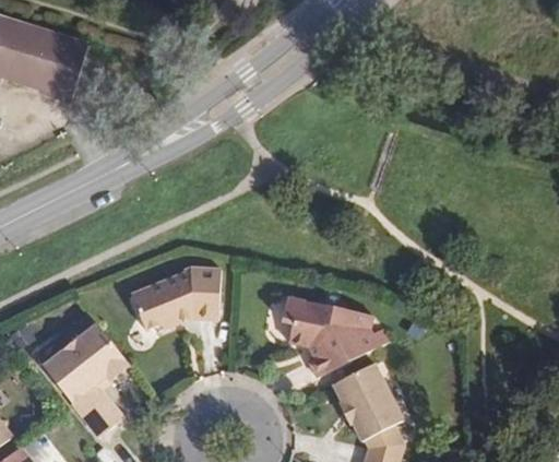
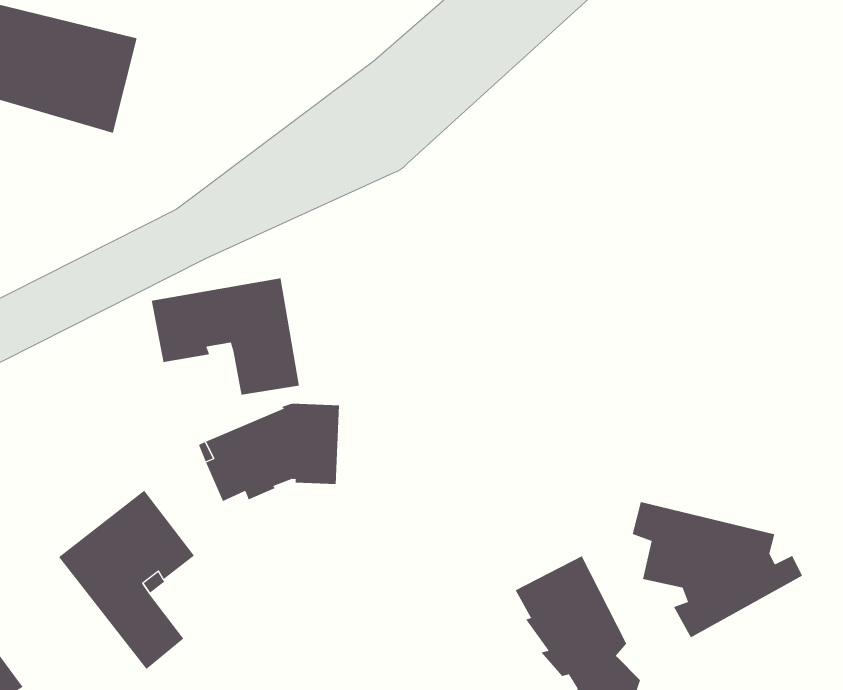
building: none -> [151,277,299,396]
building: [280,293,388,379] -> [632,501,803,638]

